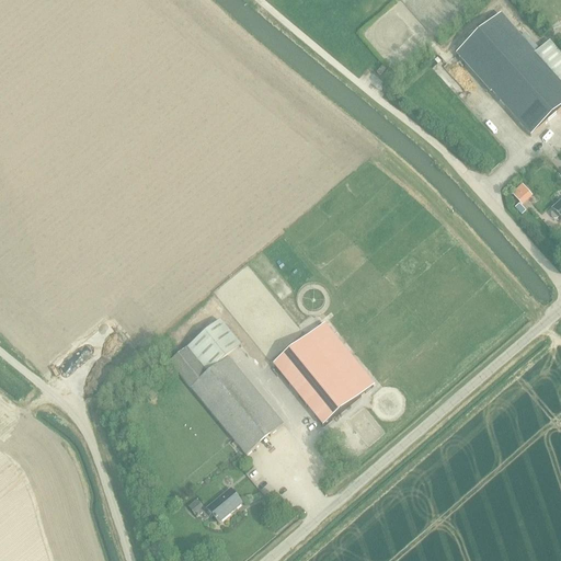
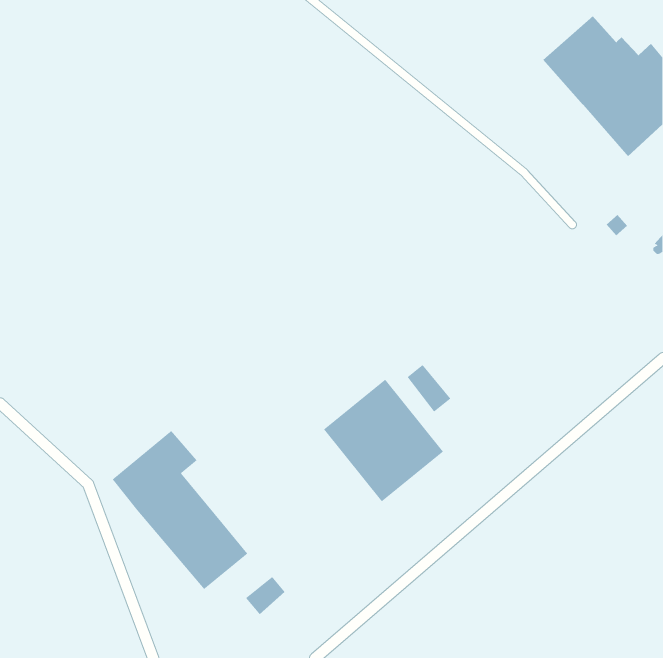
building: none -> [407,364,451,413]
building: [168,318,283,453] -> [112,430,248,590]

